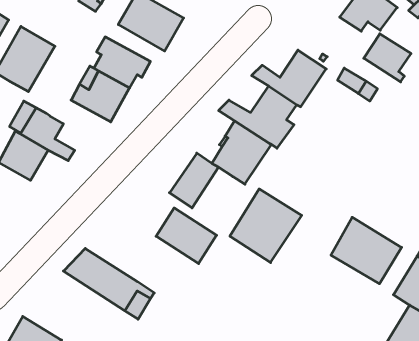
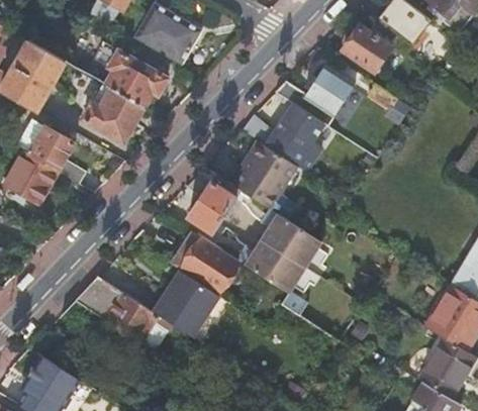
building: [364,34,411,82] -> [341,26,391,78]
building: [331,217,402,284] -> none
building: none -> [152,272,227,344]

